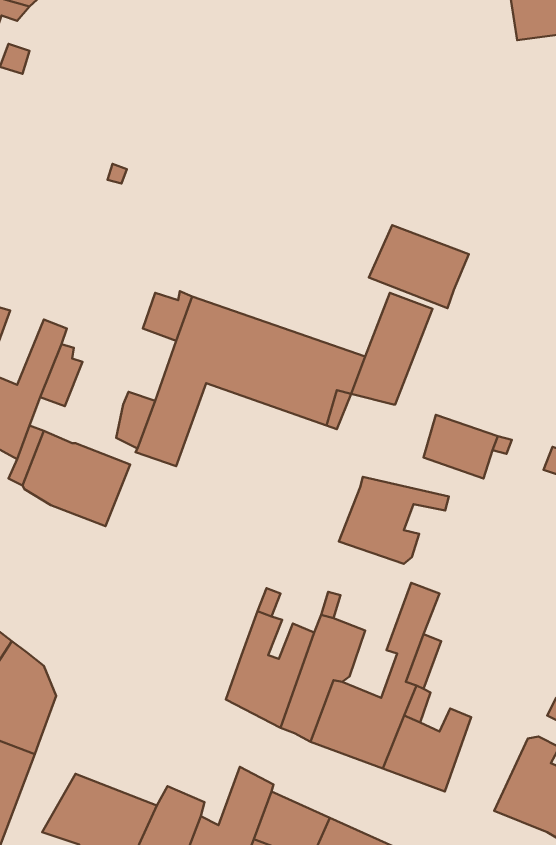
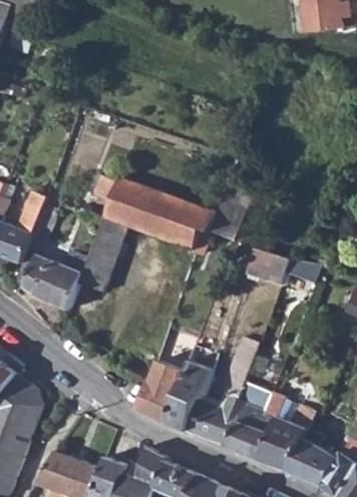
building: [369,225,469,308] -> none
building: [339,477,449,564] -> none
building: none -> [261,389,318,470]

